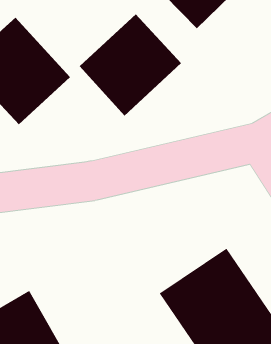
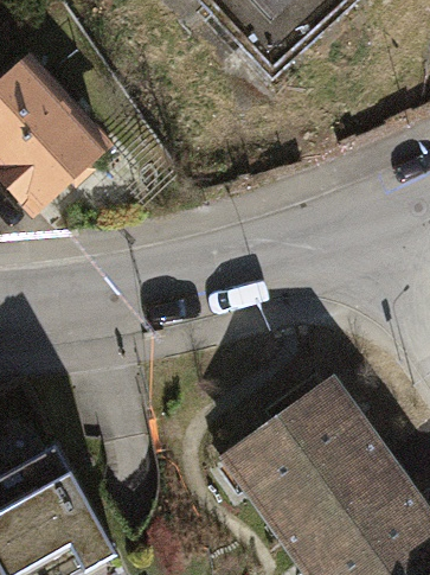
building: [79,14,182,117] -> none

